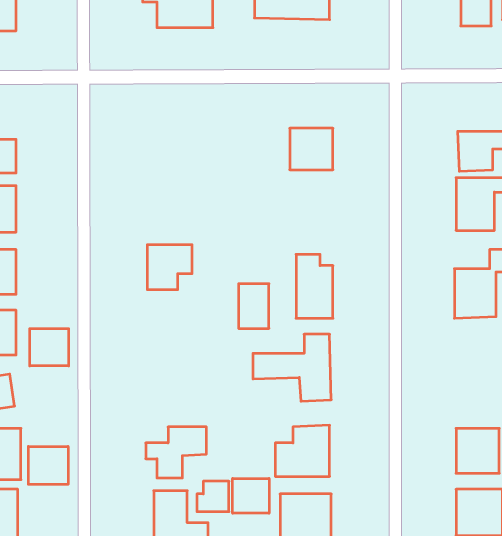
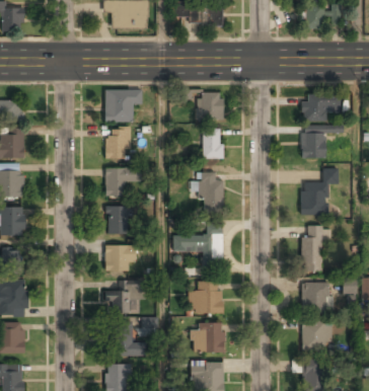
building: none -> [104,90,141,123]
building: none -> [106,129,130,159]
building: none -> [203,130,223,160]
building: [239,284,269,328] -> [107,206,127,234]
building: [30,329,69,366] -> none
building: none -> [302,226,323,272]
building: none -> [105,246,133,272]
building: [28,446,68,484] -> none
building: [233,478,269,513] -> none

